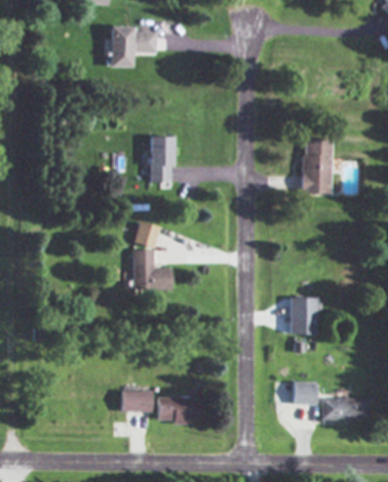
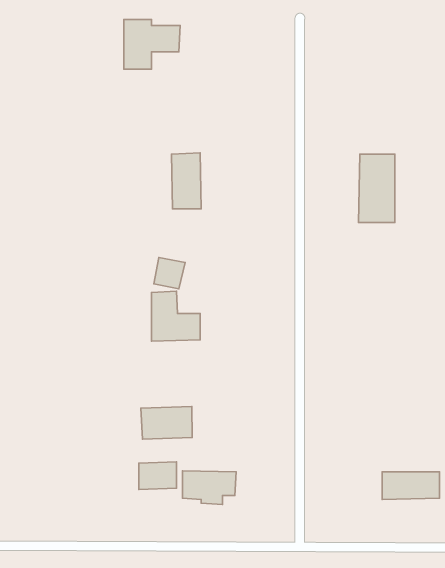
building: [290,297,318,334] -> none
building: none -> [141,407,192,439]
building: [294,381,318,404] -> none

